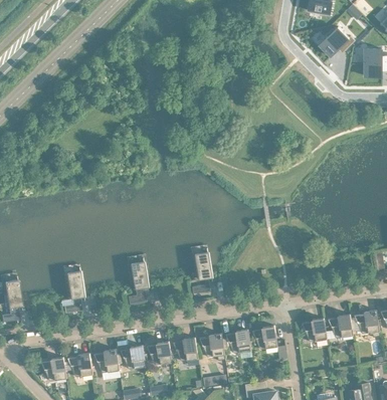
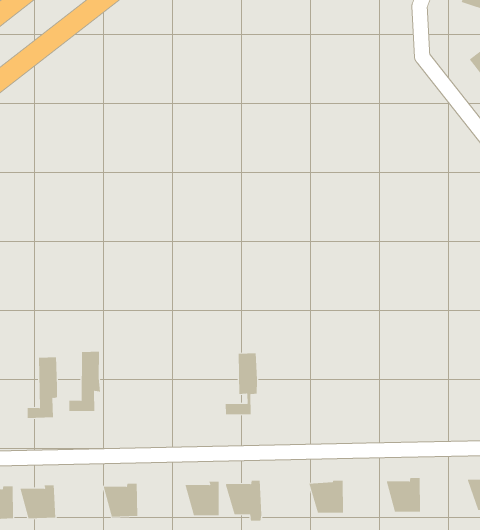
building: [128,260,148,302] -> [68,351,101,412]
building: [327,313,353,337] -> none
building: [225,328,250,352] -> none
building: [146,340,171,364] -> none
building: [92,348,119,372] -> none

